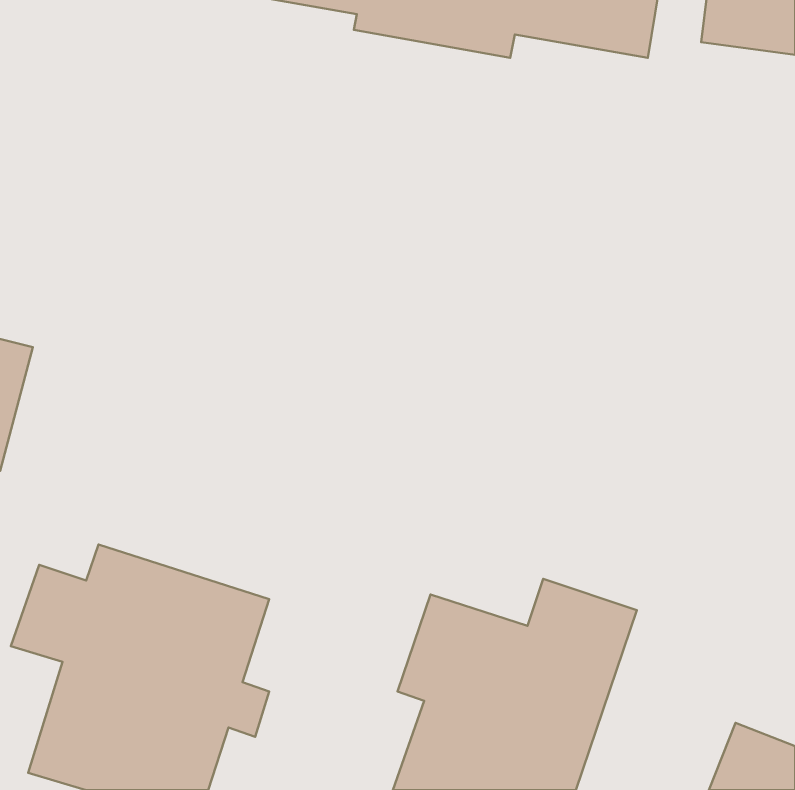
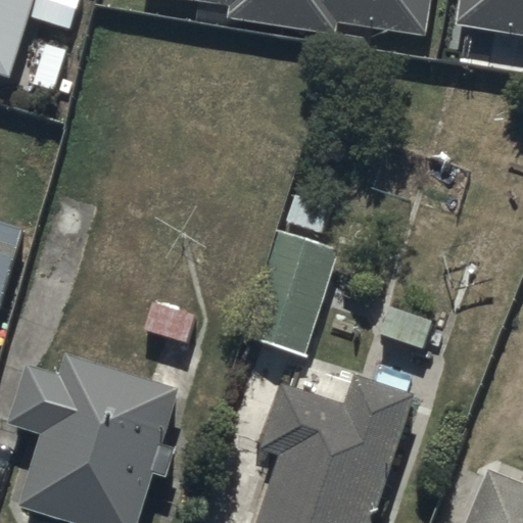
building: none -> [242,229,338,354]

